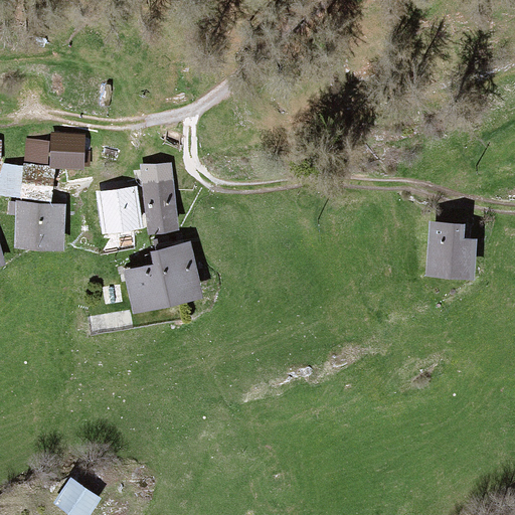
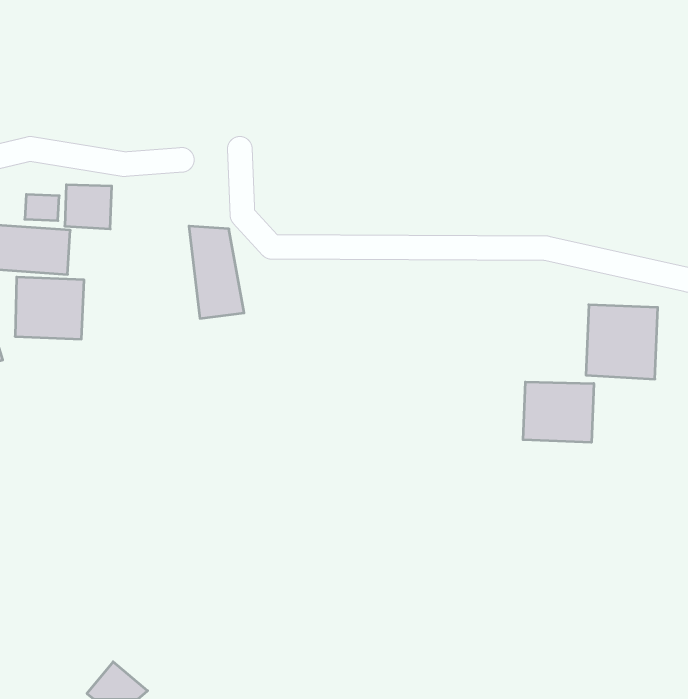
building: [93,186,140,231] -> none
building: [123,239,207,313] -> none
building: none -> [523,382,594,442]

